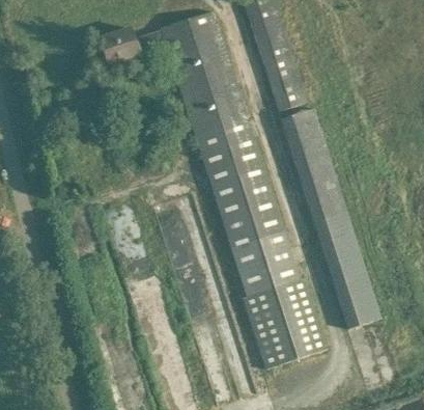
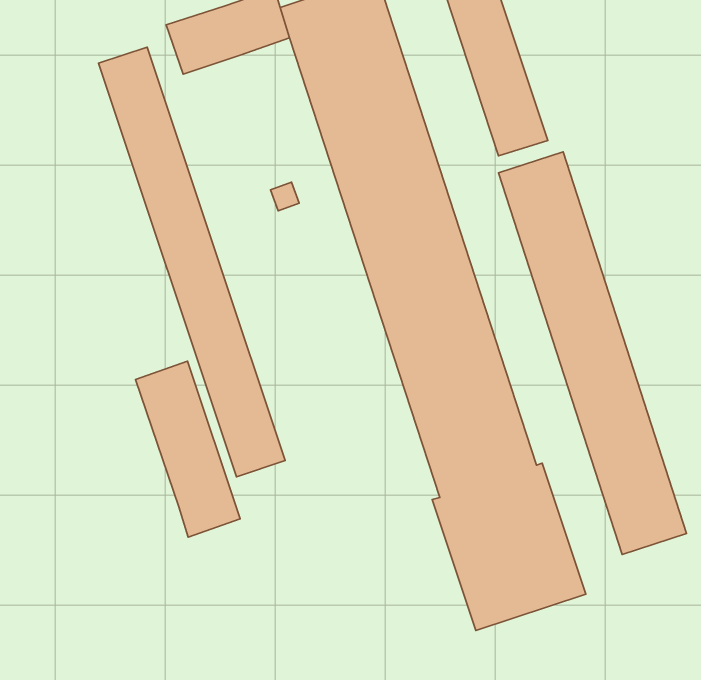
building: none -> [99,47,285,477]
building: none -> [136,361,240,537]

